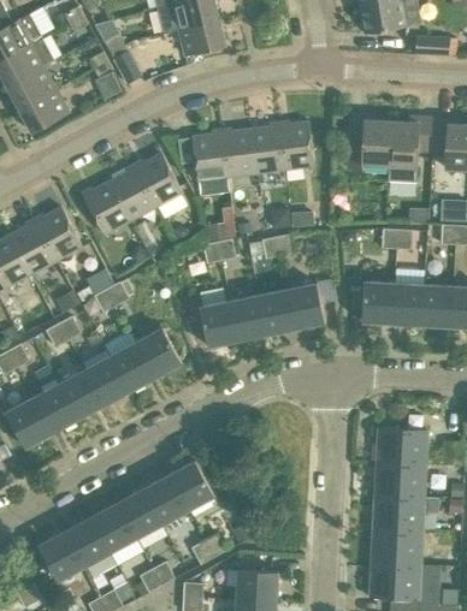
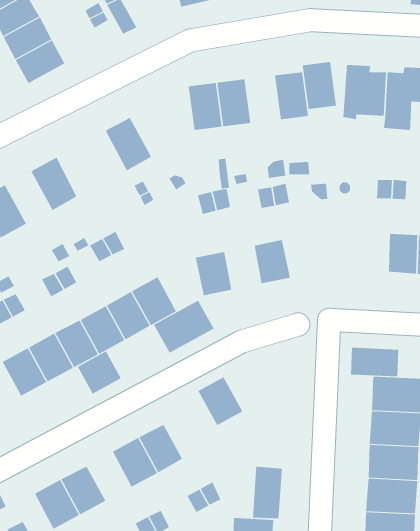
building: [250,125,285,173] -> [302,62,337,110]
building: [135,153,182,207] -> none
building: [83,180,131,235] -> none
building: [10,221,57,274] -> none
building: [363,281,395,322] -> none
building: [288,284,325,328] -> none
building: [230,296,266,340] -> none
building: none -> [153,300,215,354]
building: none -> [350,347,399,377]
building: none -> [77,351,121,394]
building: [169,461,214,510] -> [198,377,243,426]
building: [91,503,136,552] -> none
building: none -> [253,466,282,519]

